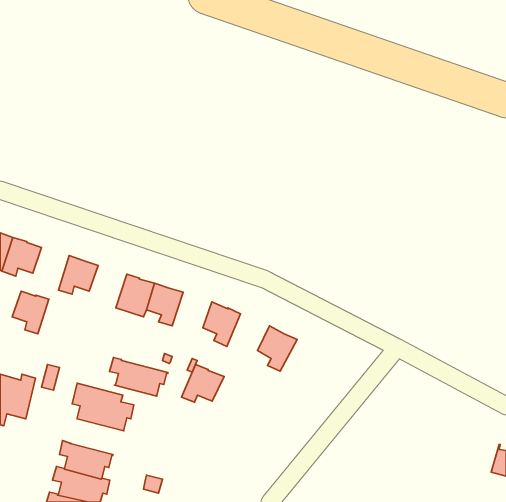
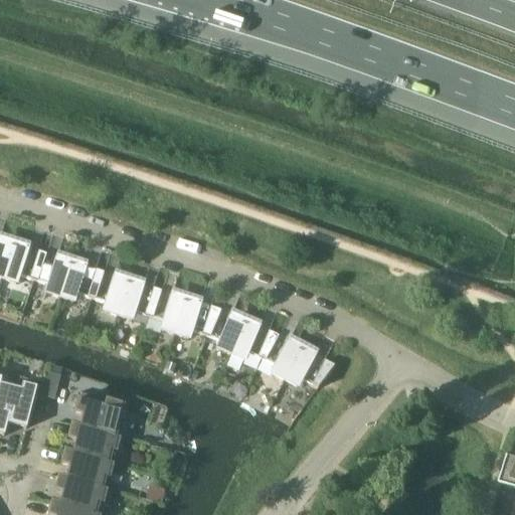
building: none -> [91,270,129,313]
building: [12,291,49,334] -> [33,251,70,295]
building: none -> [175,297,215,336]
building: none -> [285,345,334,386]
building: [109,358,168,396] -> [66,422,126,462]
building: [182,365,224,402] -> [230,319,274,357]

